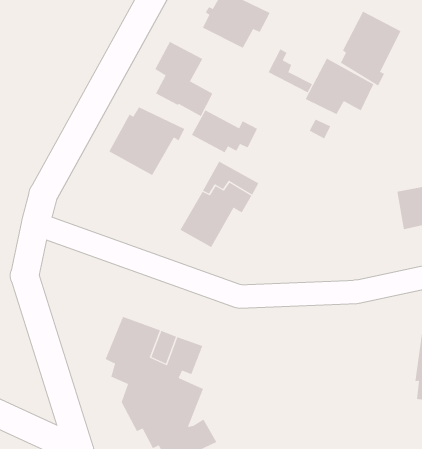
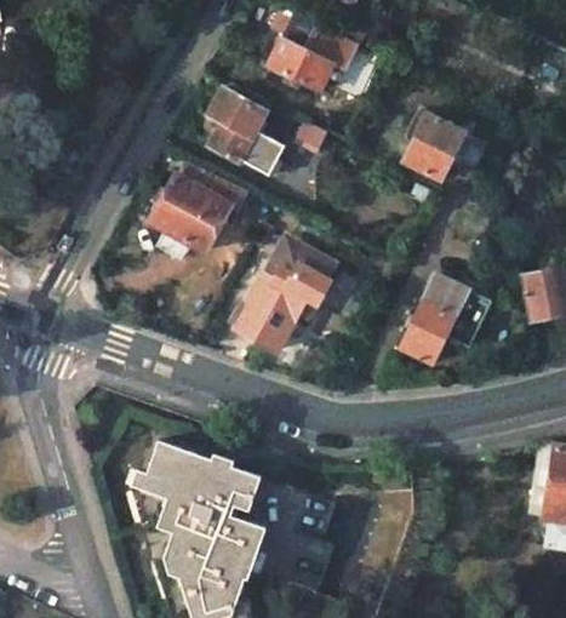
building: [340,11,401,86] -> none
building: [268,48,313,93] -> none
building: [191,109,258,153] -> none
building: none -> [395,273,487,366]

